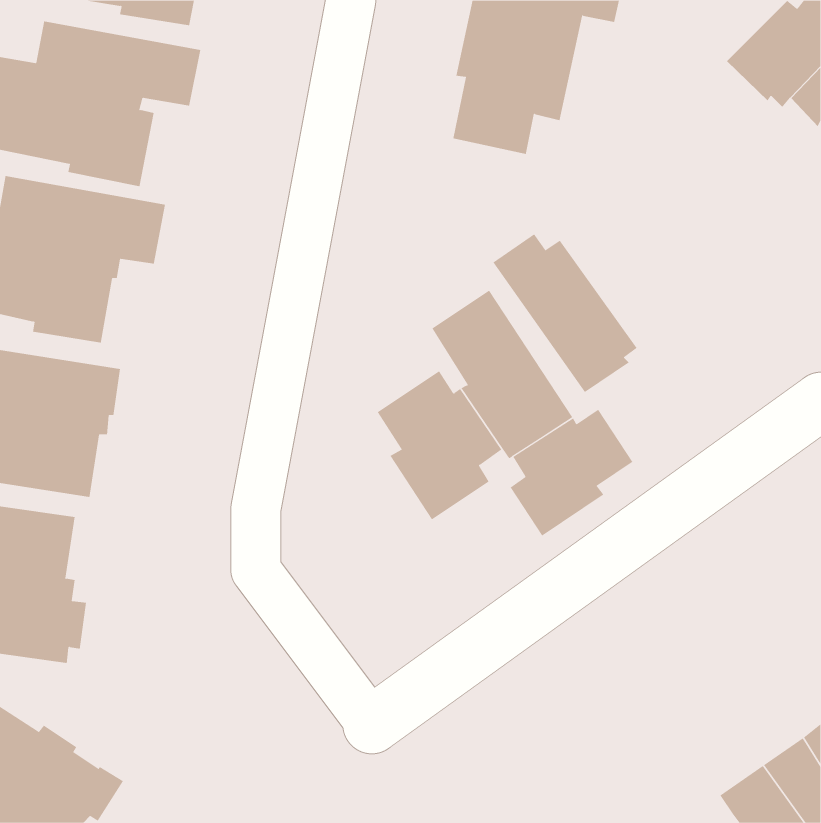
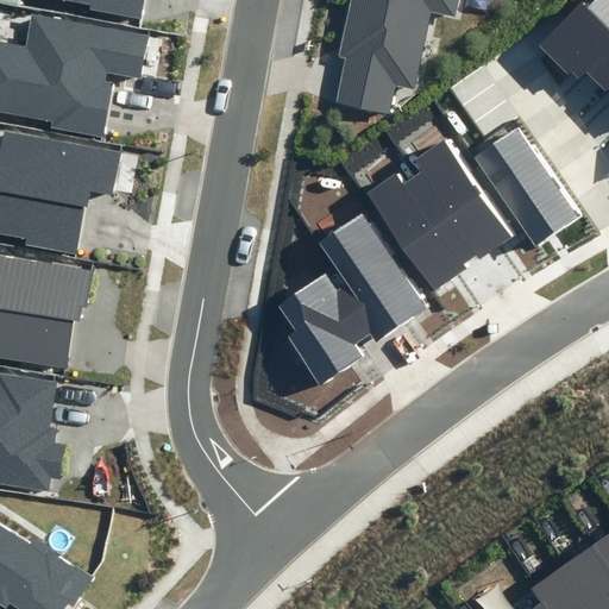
building: none -> [473,126,579,246]
building: none -> [414,137,515,257]
building: [510,409,633,536] -> none

